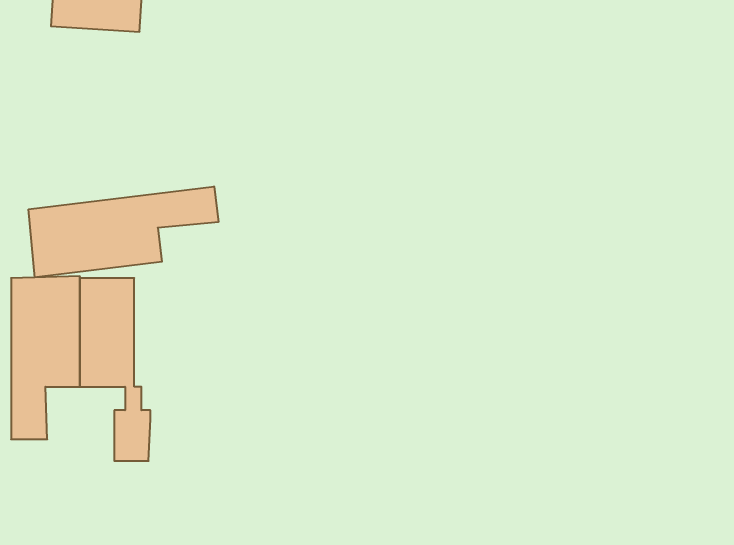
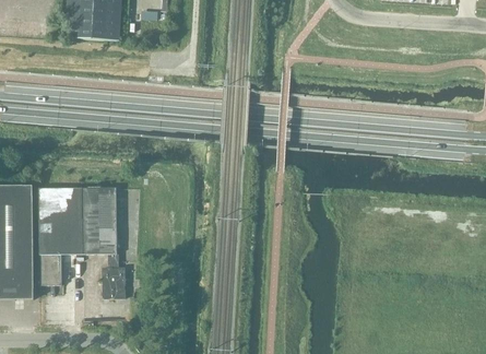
building: [29,186,218,277] -> none

